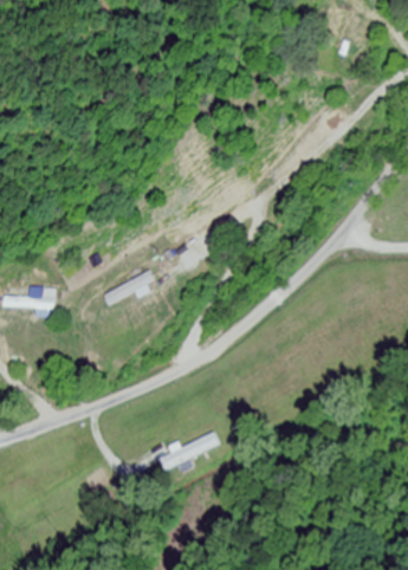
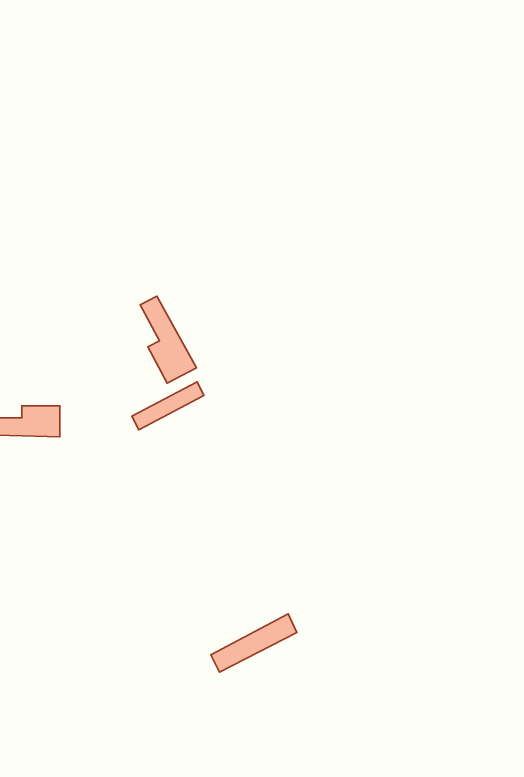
building: none -> [140,296,196,383]

